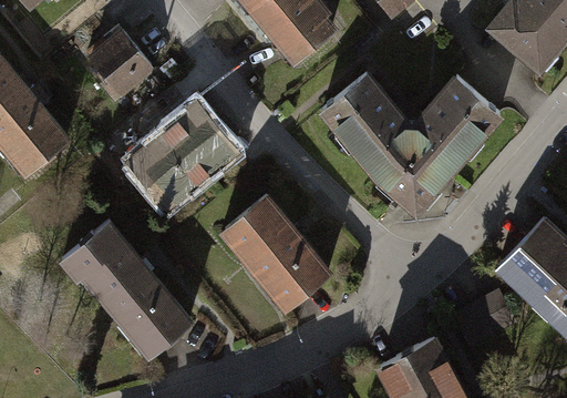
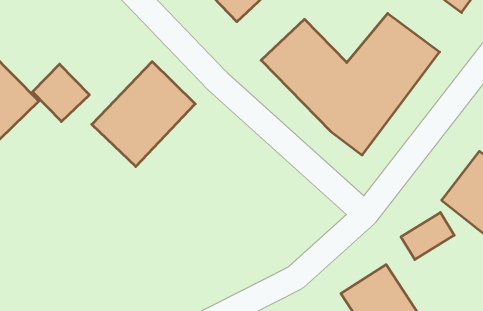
building: [89,38,150,100] -> [33,64,89,122]
building: [220,200,329,313] -> none
building: [65,214,196,351] -> none

